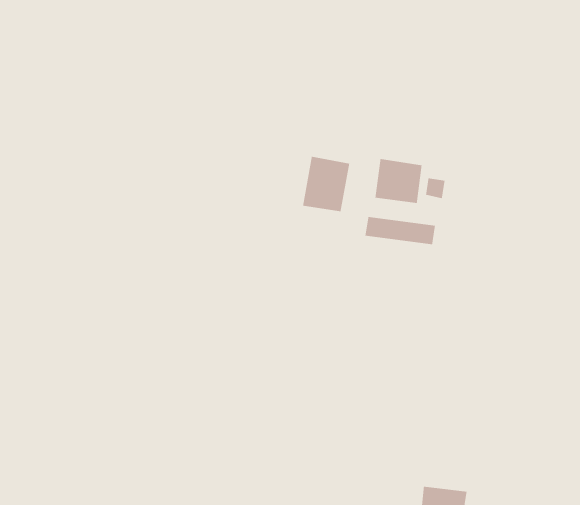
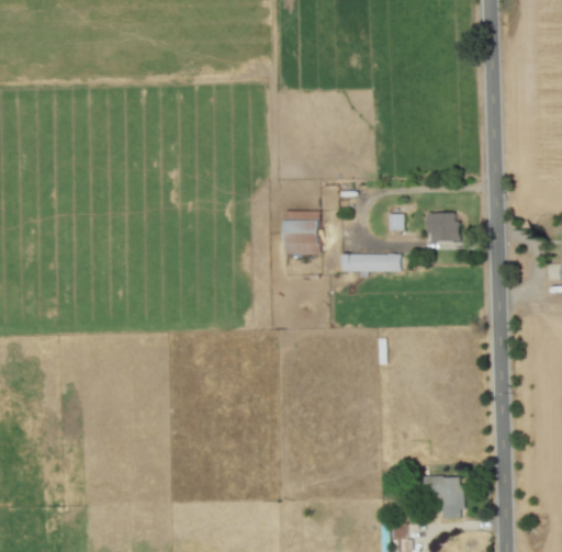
building: [374,158,423,204] -> none
building: none -> [427,213,460,241]

